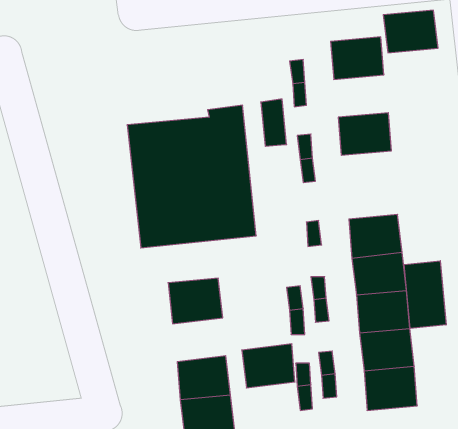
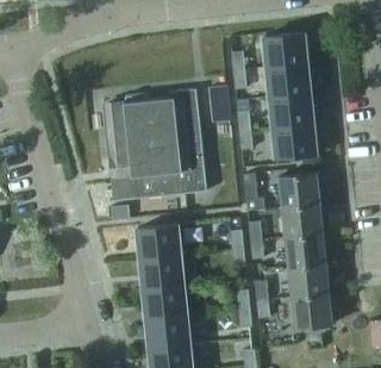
building: [383,10,438,53] -> [267,66,310,99]
building: none -> [273,125,316,160]
building: [404,261,446,329] -> none
building: [242,344,295,388] -> [140,256,182,291]

